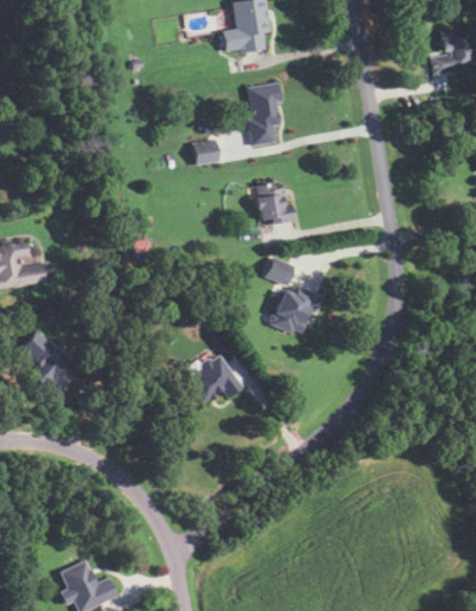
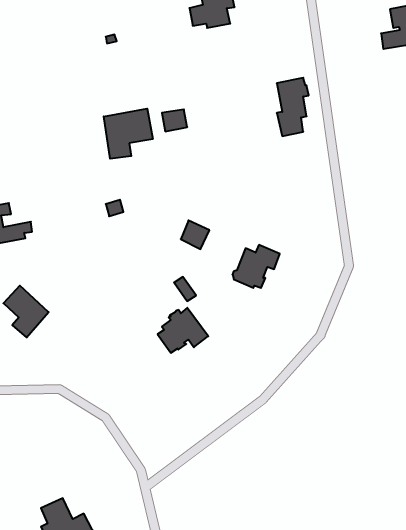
building: [247,84,282,147] -> [277,78,309,136]
building: none -> [104,109,153,159]
building: [255,183,293,226] -> none
building: [264,255,295,286] -> [181,220,209,249]

